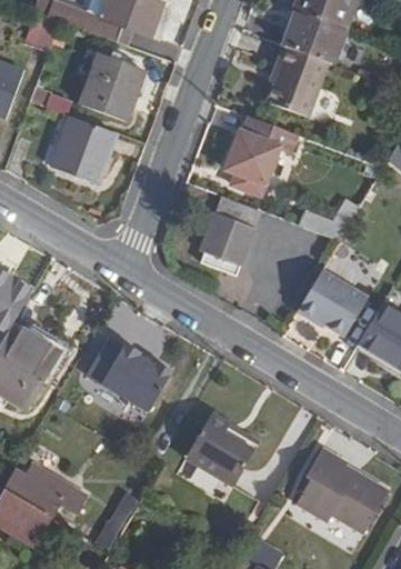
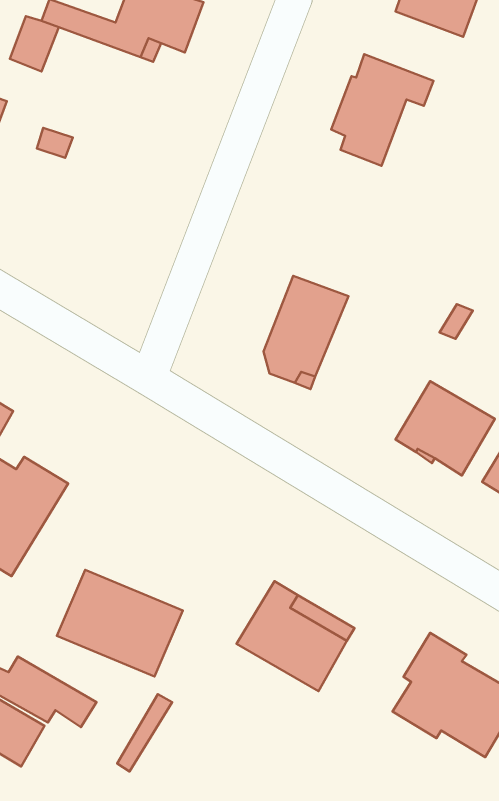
building: [283,9,345,61] -> none
building: [82,52,146,120] -> none
building: [228,114,287,183] -> none
building: [54,116,117,182] -> none
building: [81,335,170,410] -> [57,570,183,677]

